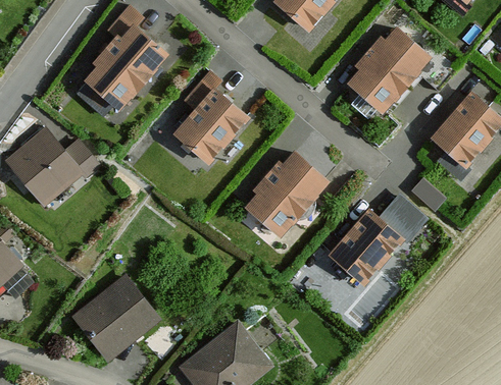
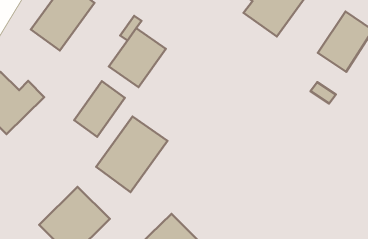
building: [242,149,332,240] -> [96,117,167,192]
building: none -> [74,81,125,137]
building: [331,200,422,284] -> none

